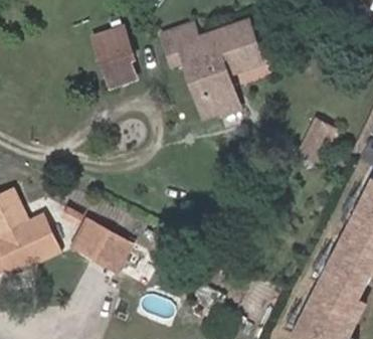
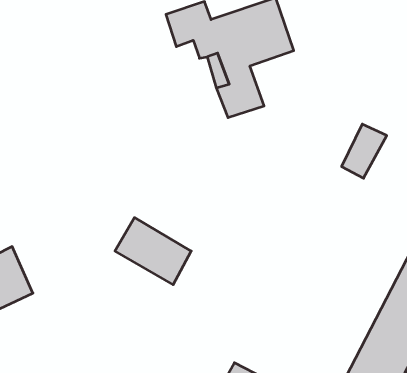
building: [92,26,134,83] -> none
building: [71,218,131,271] -> [115,218,191,285]

